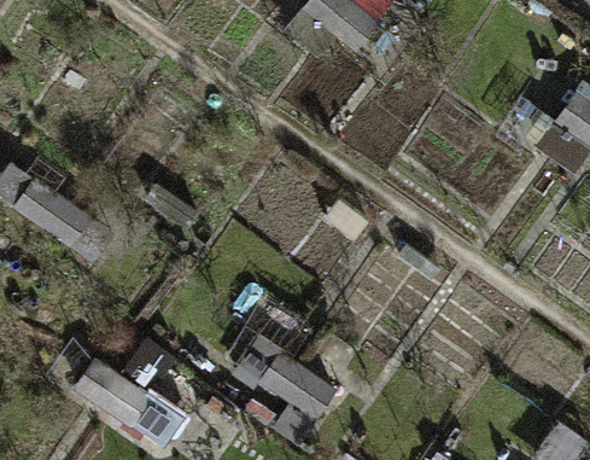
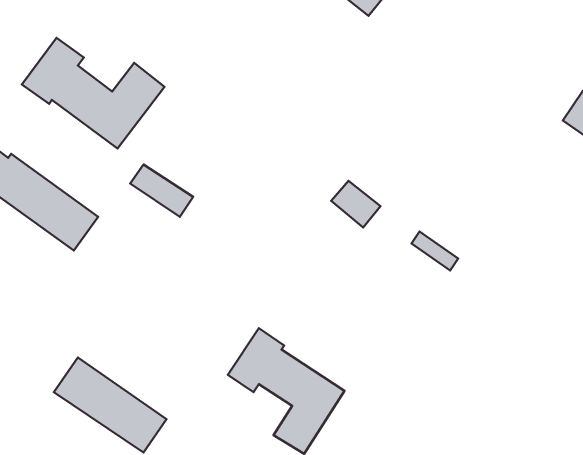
building: none -> [22,38,165,148]

